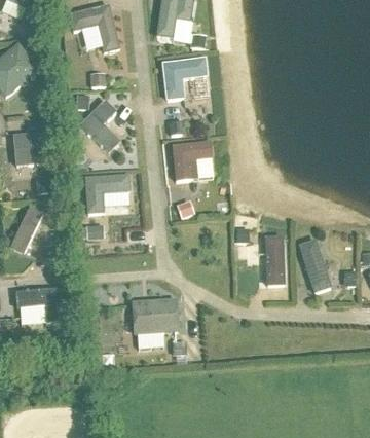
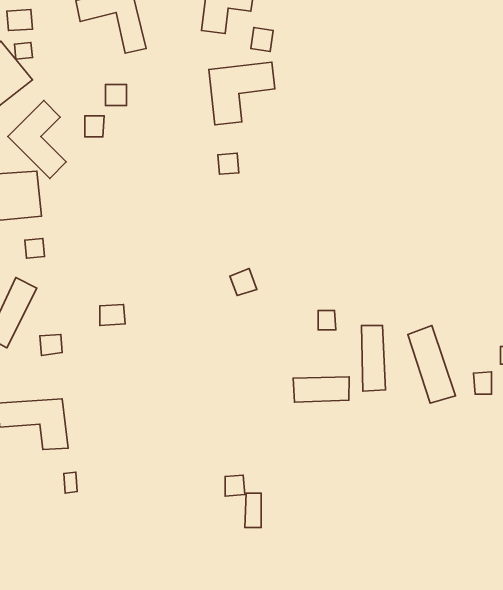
building: [80,99,120,152] -> [8,101,66,178]
building: [172,142,212,180] -> none
building: [84,174,129,213] -> none
building: none -> [293,377,349,402]
building: [131,298,178,334] -> none

